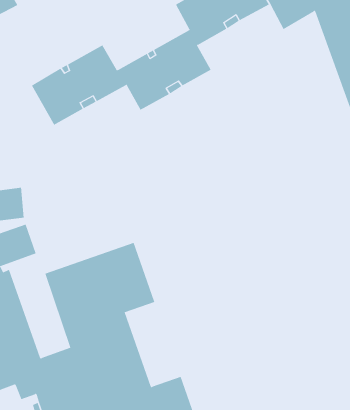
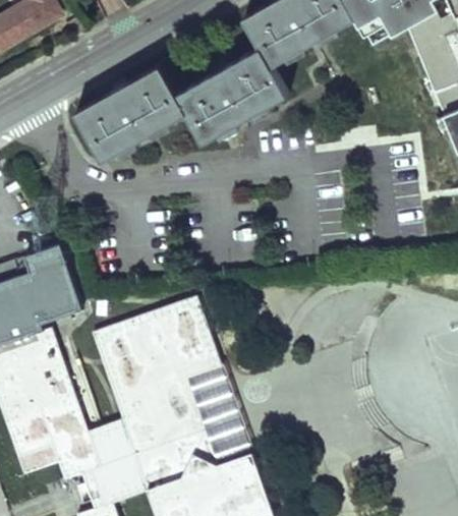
building: none -> [188,365,253,464]

